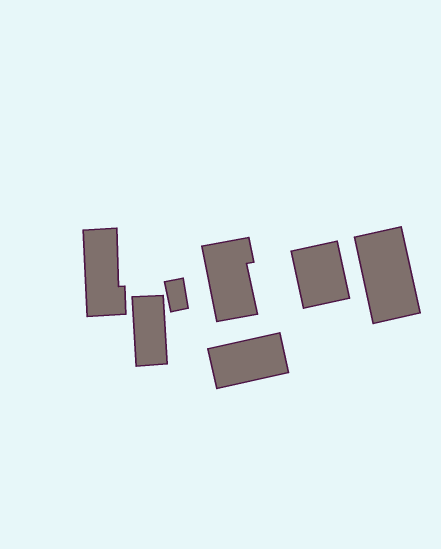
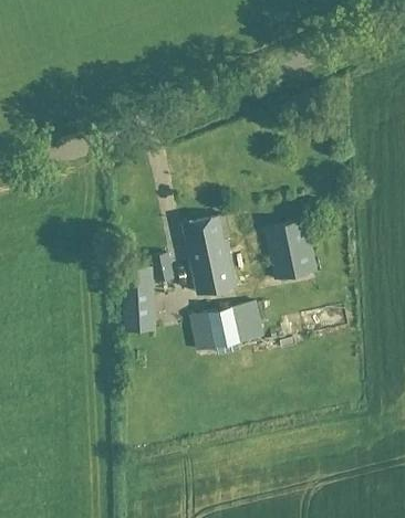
building: [354,227,420,323] -> none
building: [83,228,126,316] -> none

